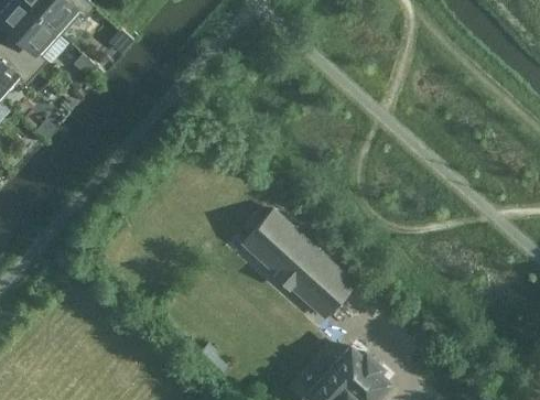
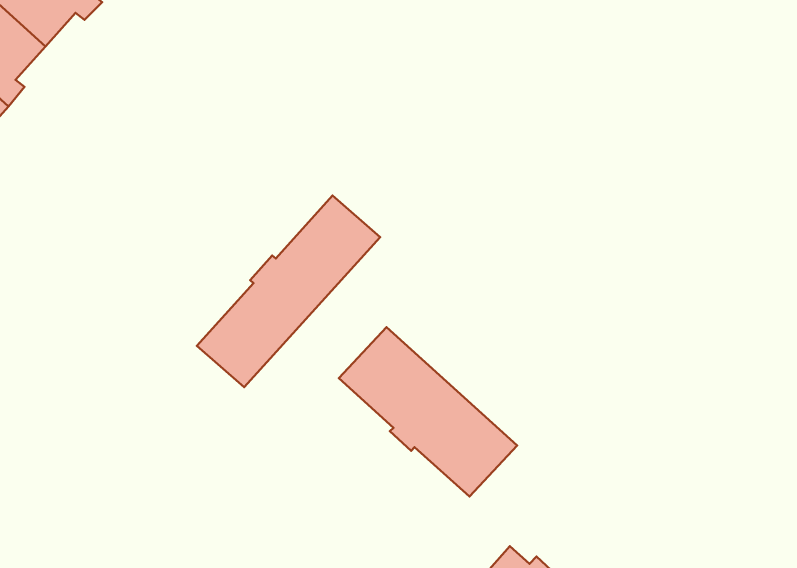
building: none -> [197,196,380,387]

